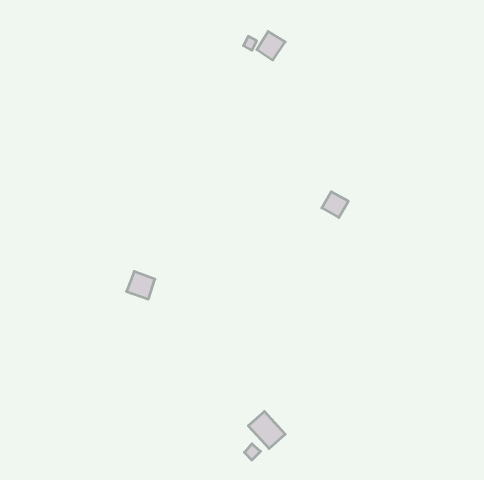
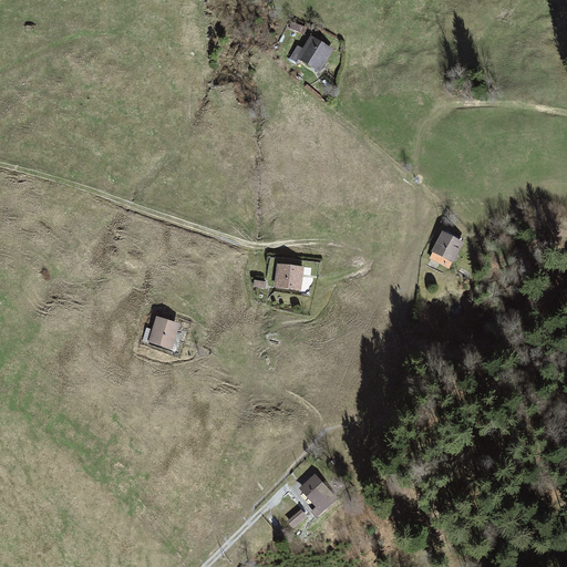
building: [322,192,348,218] -> [432,234,463,264]
building: none -> [276,259,299,286]

